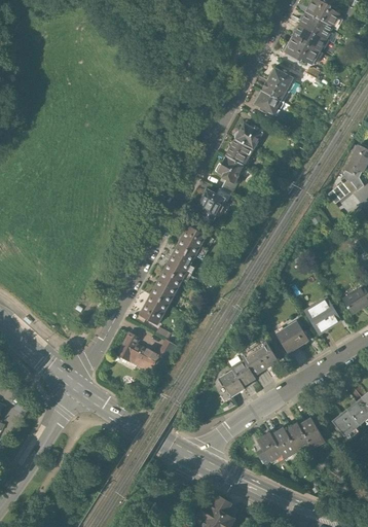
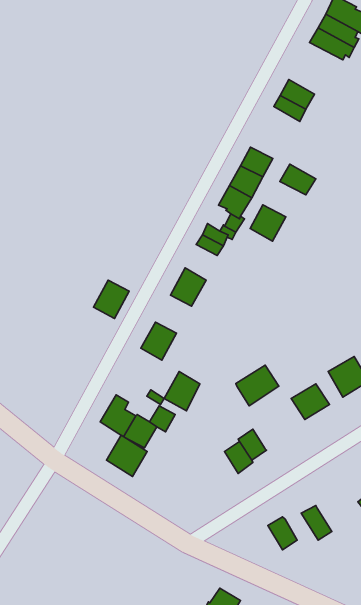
building: [281,37,319,66] -> none
building: [253,91,283,116] -> [280,164,316,195]
building: none -> [250,205,286,241]
building: [162,248,192,280] -> [94,280,129,318]
building: [138,292,168,325] -> [164,371,200,411]
building: [243,343,279,377] -> [236,365,279,406]
building: none -> [106,435,147,476]
building: [297,418,325,449] -> none
building: [270,428,296,458] -> none

